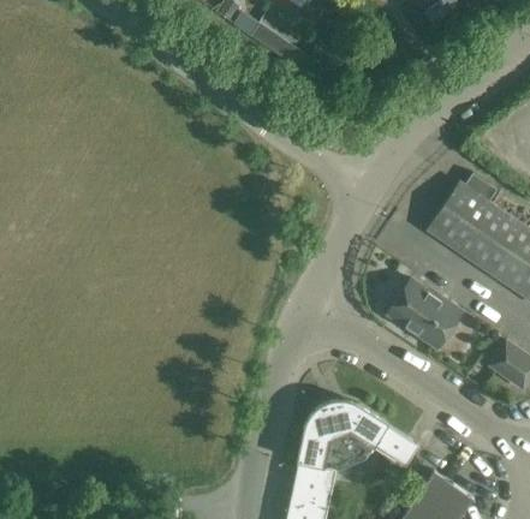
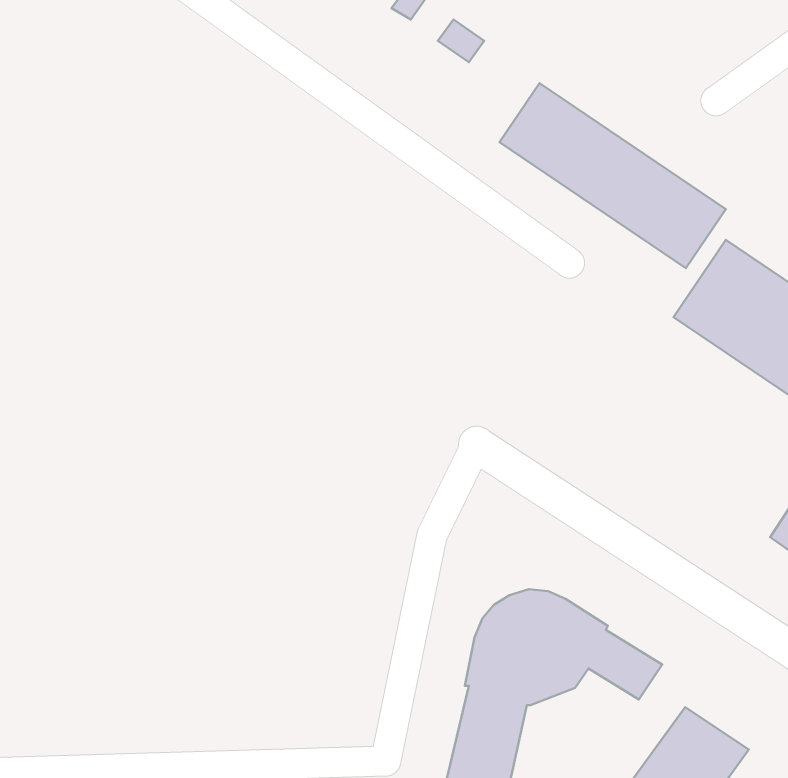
building: none -> [499,83,726,268]
building: [388,280,461,347] -> none

